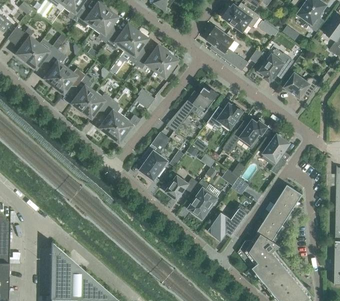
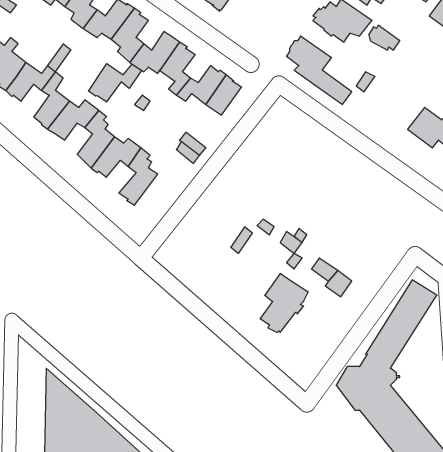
building: none -> [88,64,142,102]
building: [256,53,292,82] -> none
building: [177,89,219,121] -> none
building: [207,104,243,129] -> none
building: [108,115,140,143] -> none
building: [224,120,268,155] -> none
building: [140,131,171,181] -> none
building: [262,134,290,175] -> none
building: [166,176,198,200] -> none
building: [207,208,248,241] -> none

